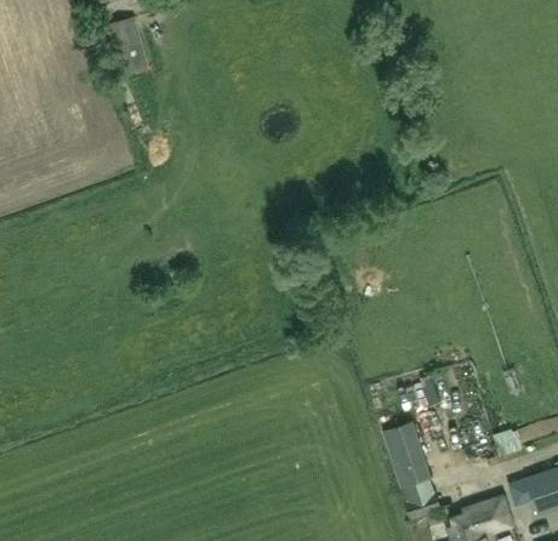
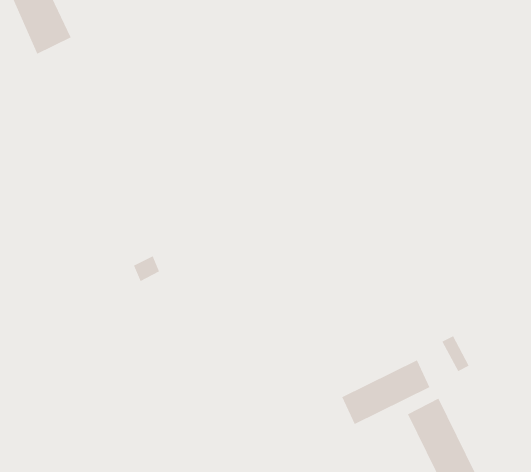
building: none -> [342,360,430,425]

